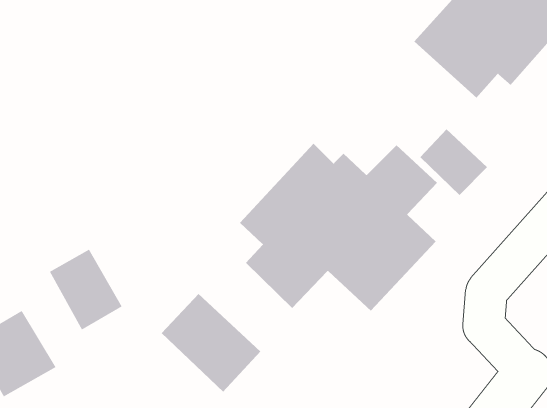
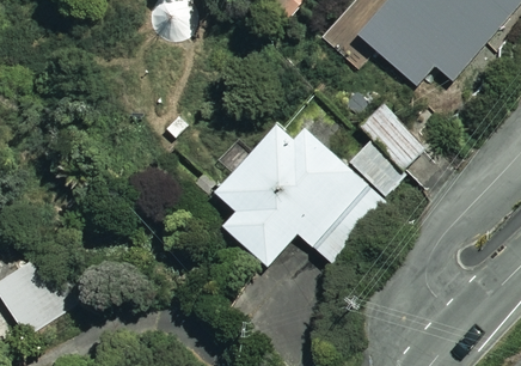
building: [49,249,123,331] -> none
building: [161,293,261,393] -> none

